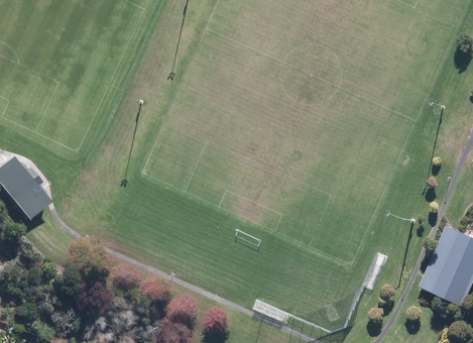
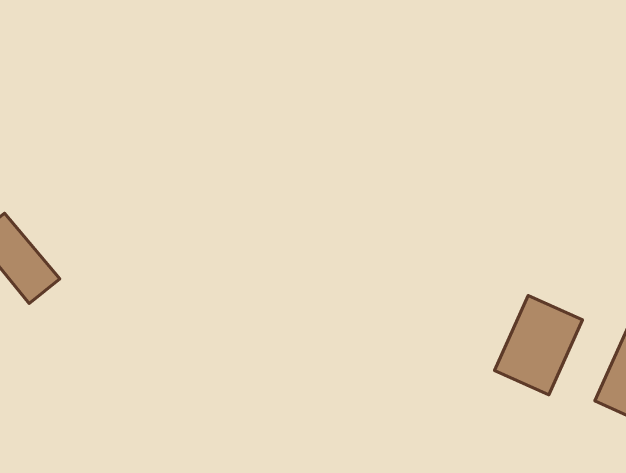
building: none -> [495,295,583,395]

